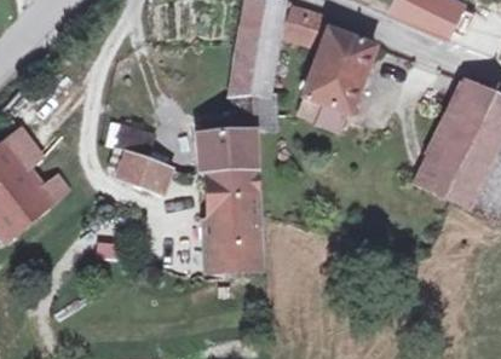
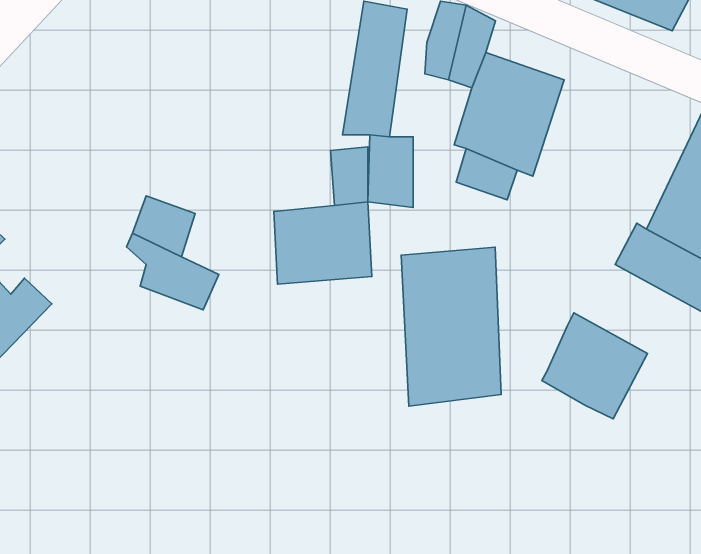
building: [198,176,260,274] -> [401,247,501,406]
building: none -> [542,313,647,419]

